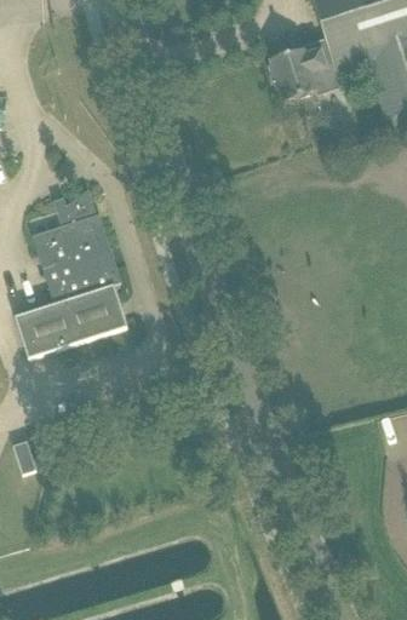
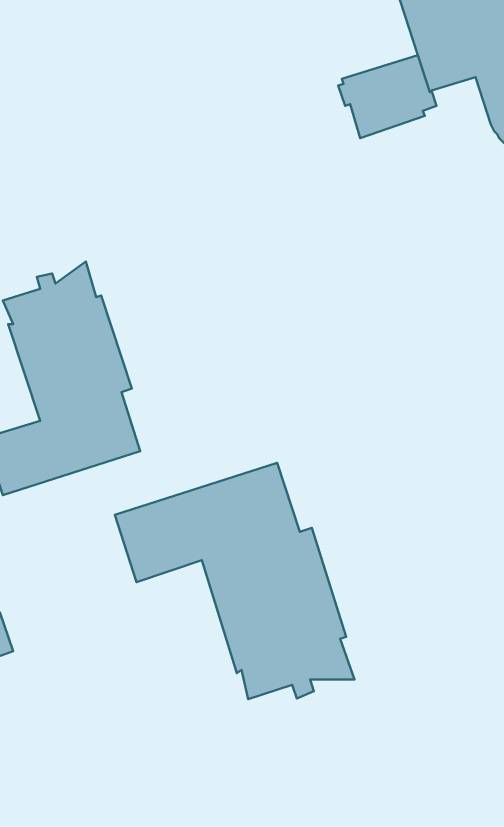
building: none -> [115,463,355,699]

